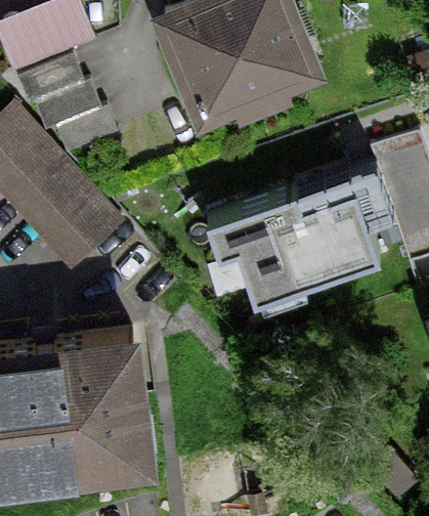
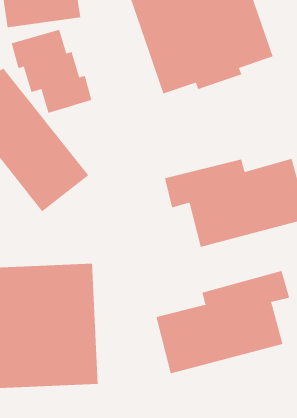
building: none -> [156,270,290,374]

